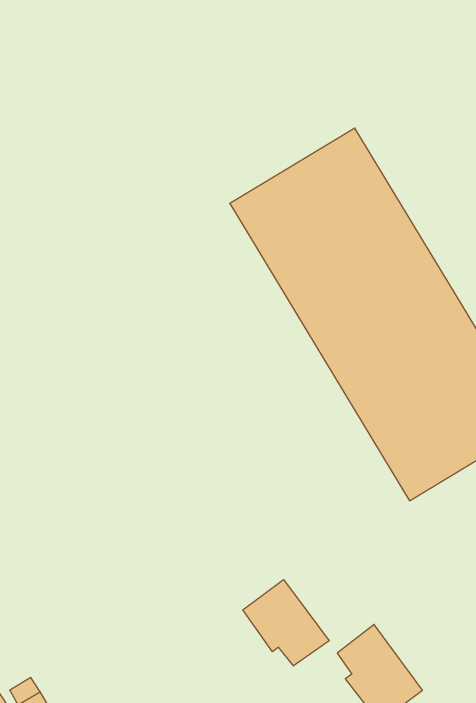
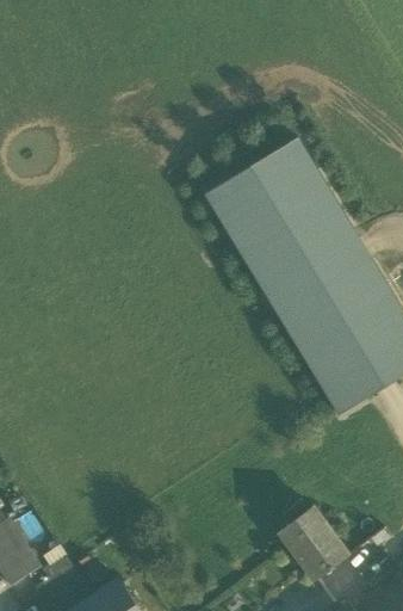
building: [243,580,329,666] -> none

